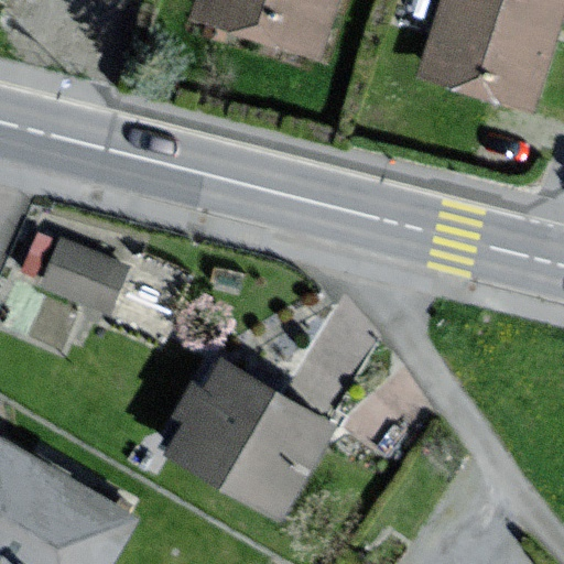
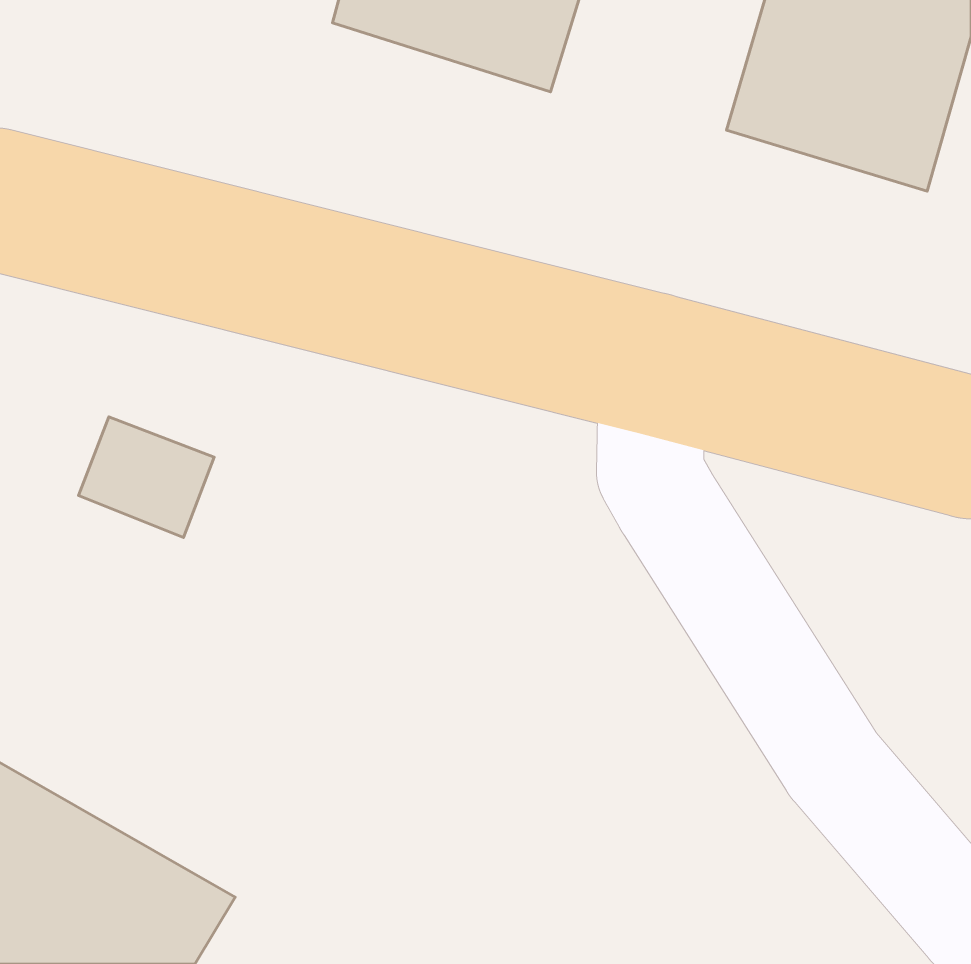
building: [163,357,336,522] -> none

